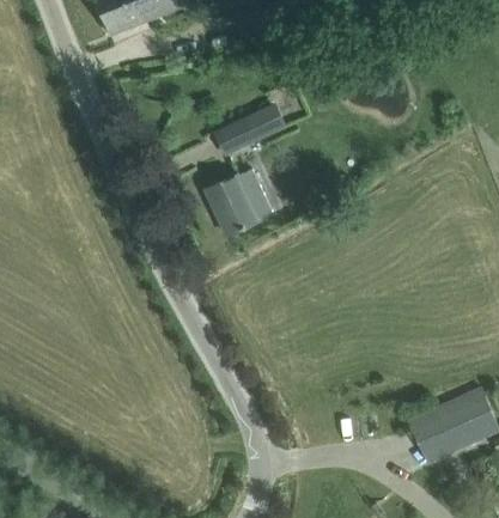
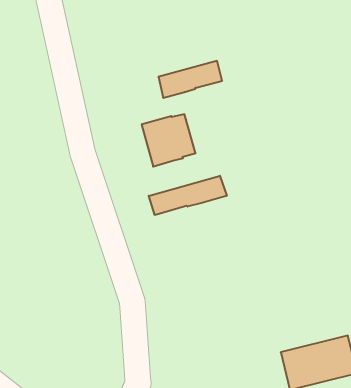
building: none -> [149,176,227,215]

